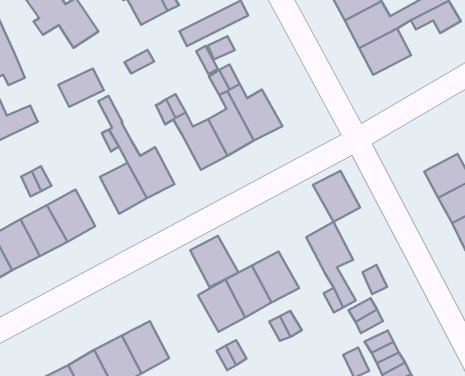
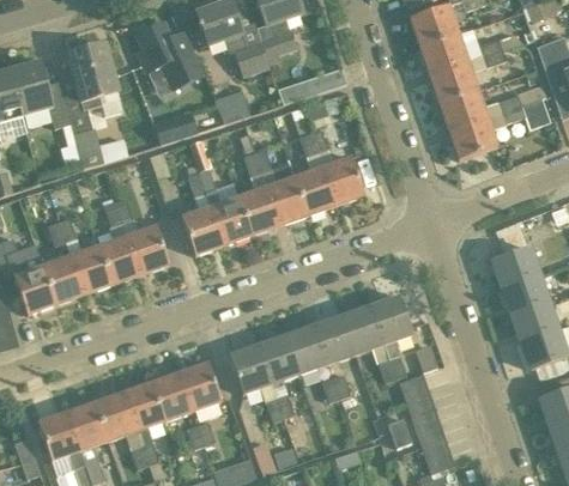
building: none -> [237,188,278,235]
building: [313,171,360,222] -> [340,305,382,353]
building: [190,236,238,287] -> [228,345,271,393]

